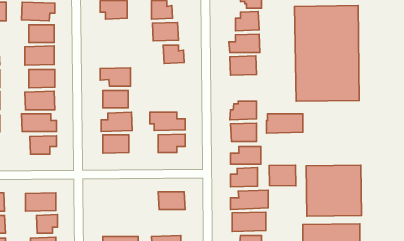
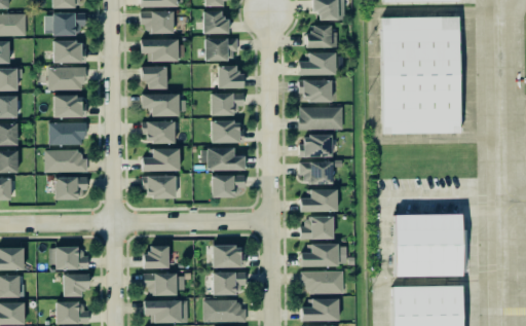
building: none -> [141,39,178,62]
building: none -> [142,67,166,89]
building: none -> [211,93,243,115]
building: none -> [211,120,242,143]
building: [267,114,303,133] -> [299,107,343,131]
building: [269,165,296,186] -> none
building: none -> [143,246,168,268]
building: none -> [213,271,246,295]
building: none -> [144,274,185,295]

